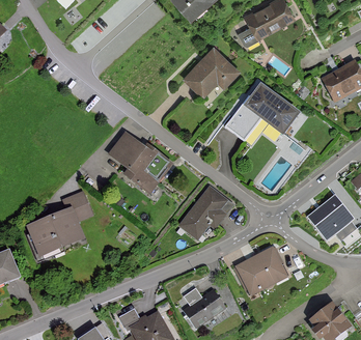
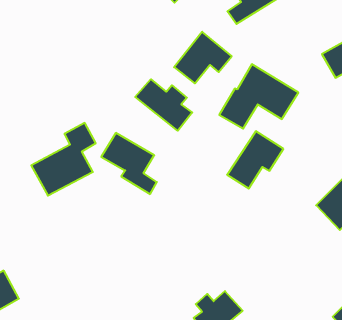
building: none -> [135,79,192,131]
building: [178,189,232,240] -> [227,131,283,189]
building: [29,193,90,256] -> [31,123,96,196]
building: [238,248,289,294] -> none

